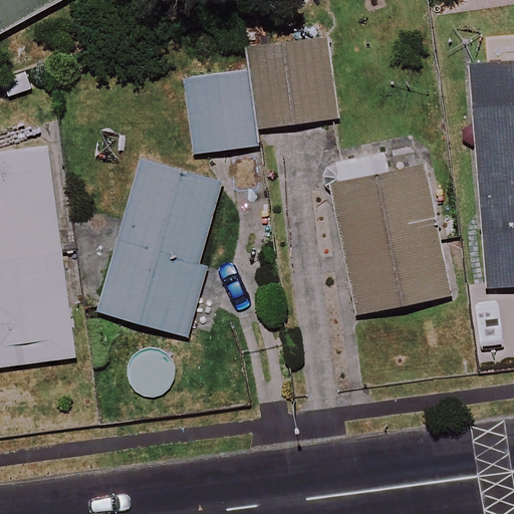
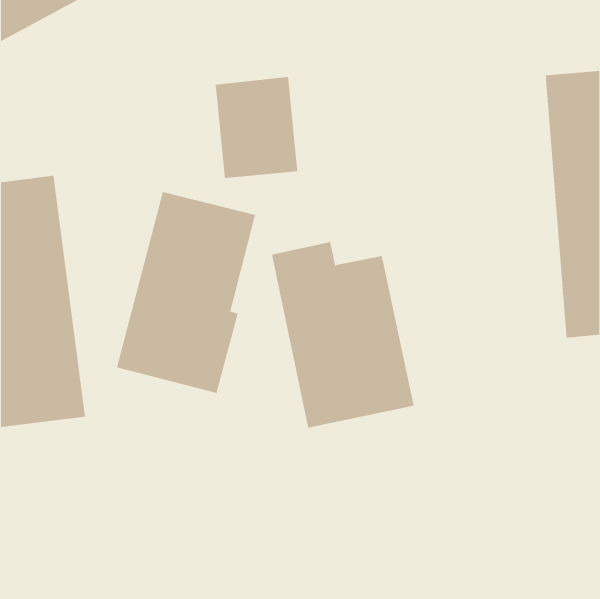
building: [249,38,335,128] -> none
building: [328,155,451,314] -> [271,241,414,428]

